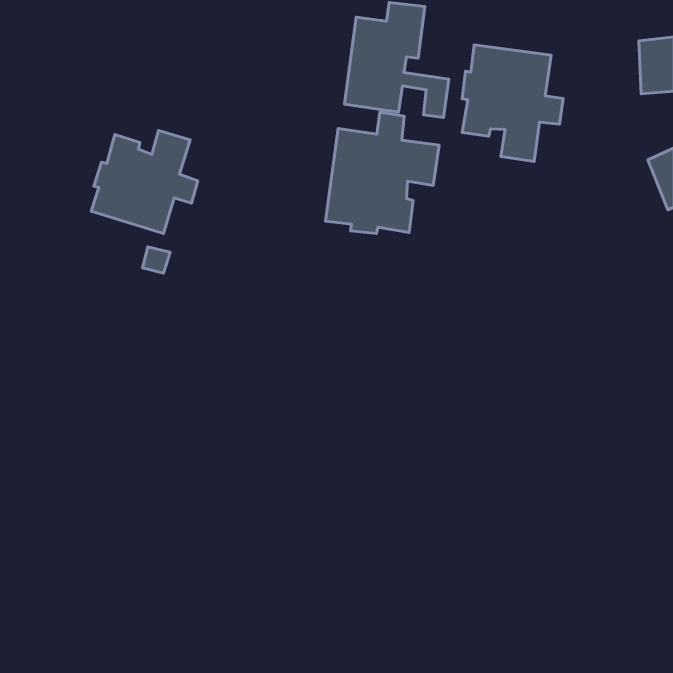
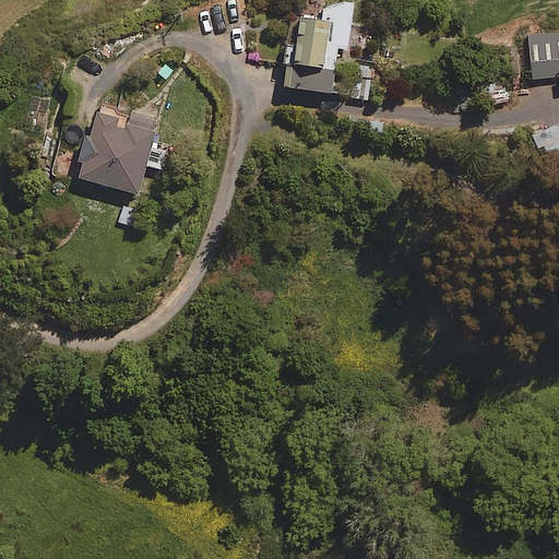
building: [462,45,563,162] -> none
building: [325,112,439,234] -> none

